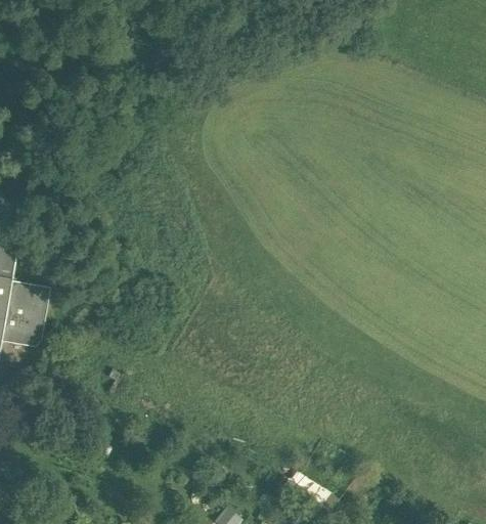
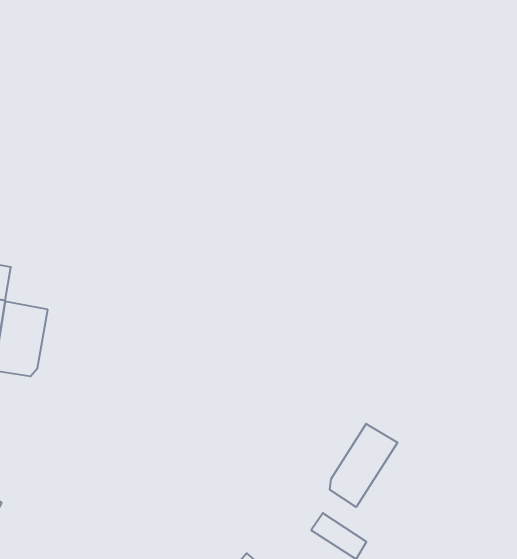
building: none -> [330,424,397,507]

